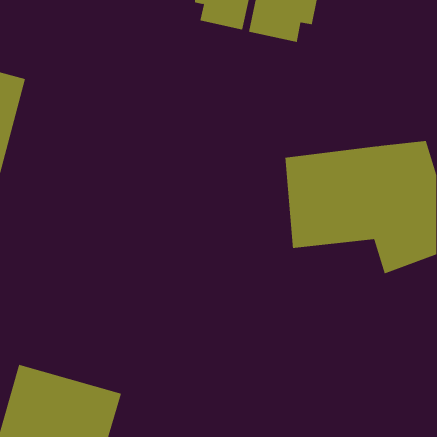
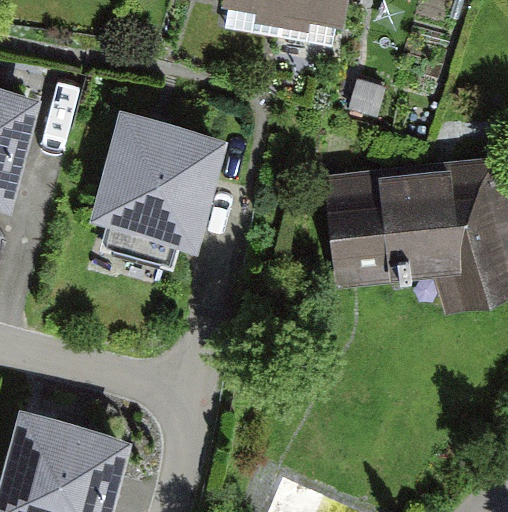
building: none -> [88,106,226,263]

